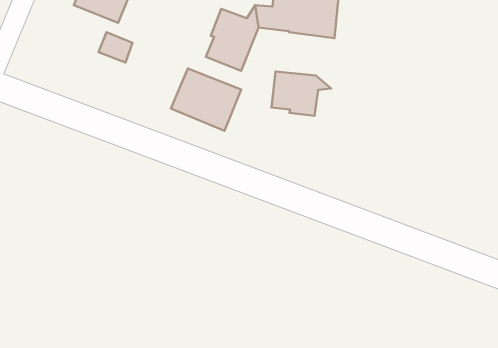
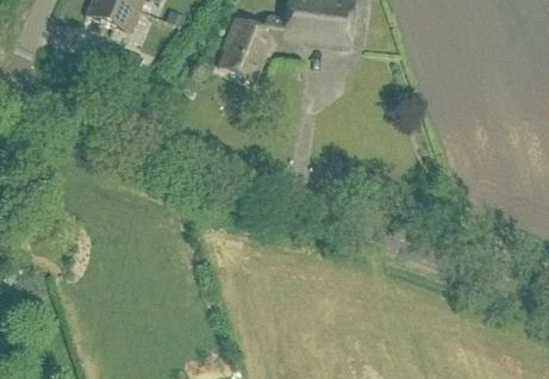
building: [171,69,241,131] -> none
building: [272,71,331,116] -> none

